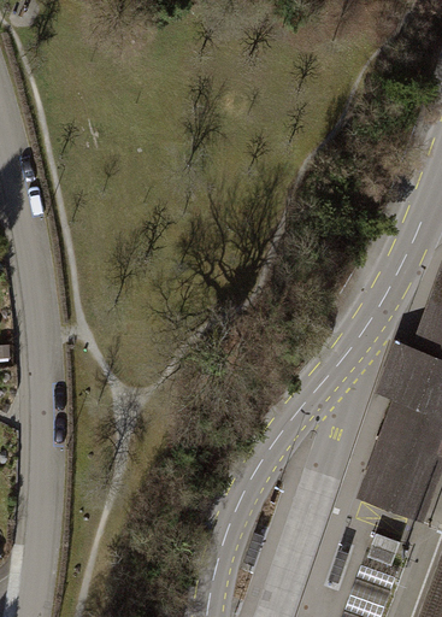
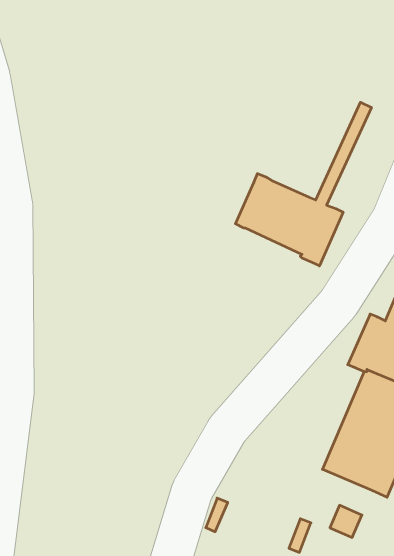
building: none -> [235,102,371,266]

